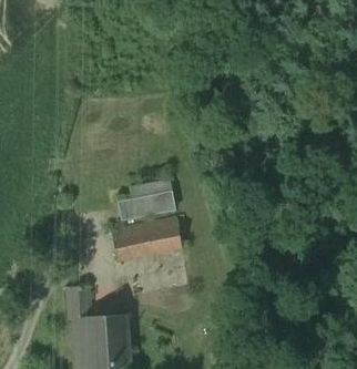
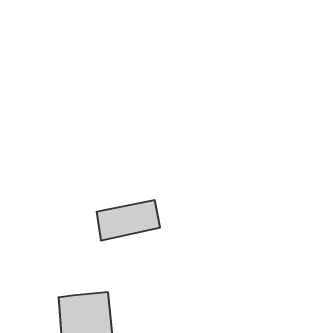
building: [118,192,174,219] -> none
building: [67,286,89,320] -> none

